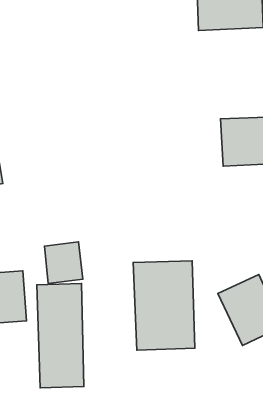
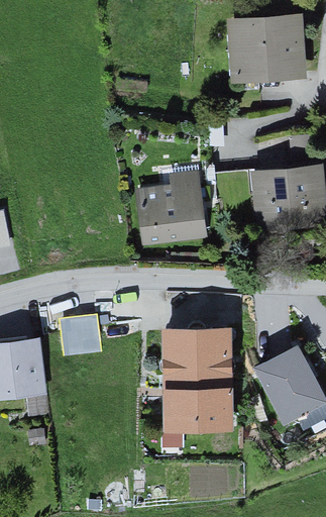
building: none -> [140,185,206,245]
building: [37,284,84,388] -> none

